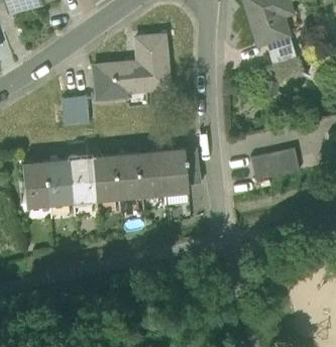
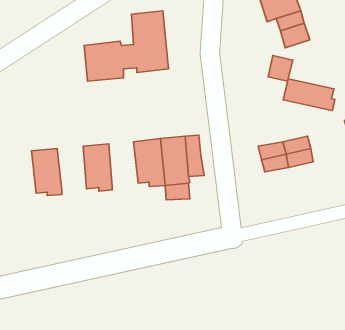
building: [62,95,90,124] -> none
building: none -> [283,79,335,110]
building: [116,152,142,195] -> none
building: [70,156,97,199] -> none
building: [22,160,50,203] -> none

